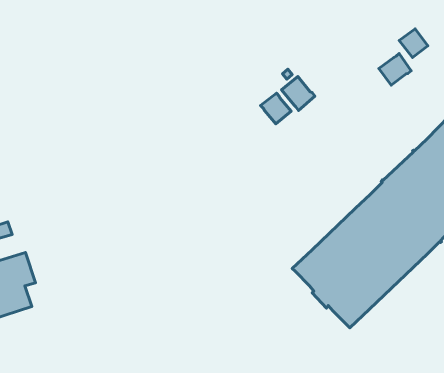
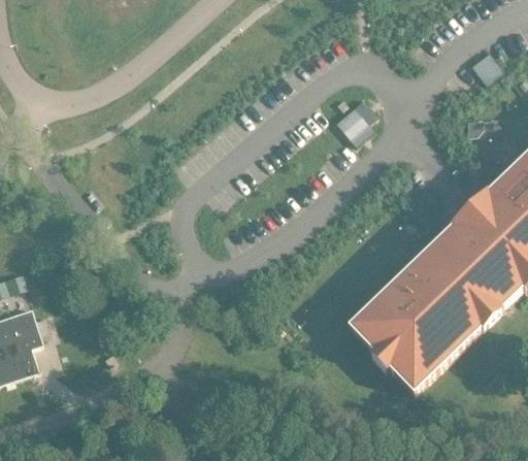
building: [379,54,411,85] -> none
building: [261,93,291,124] -> none

